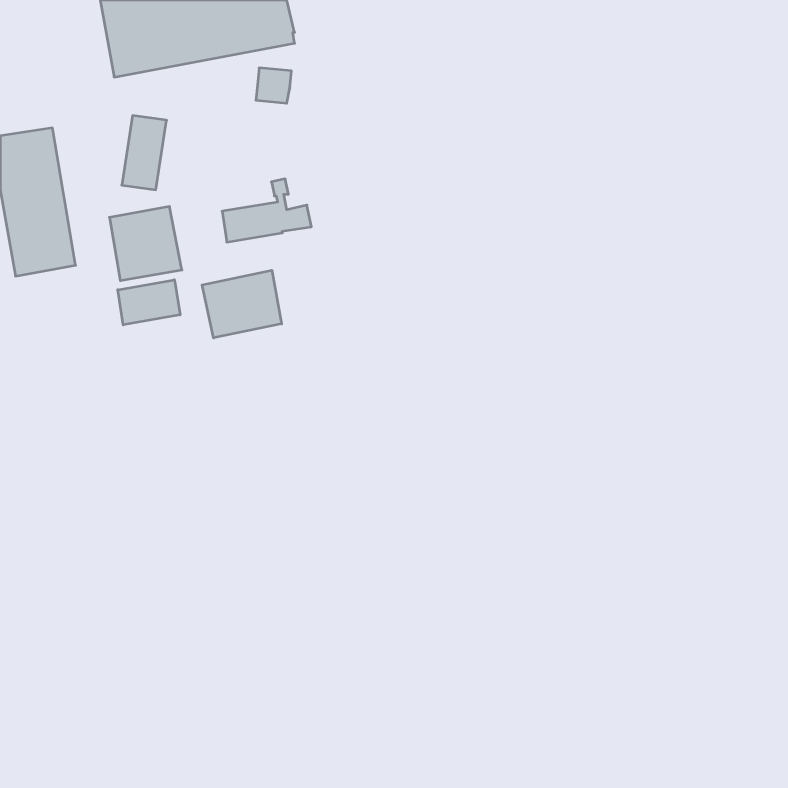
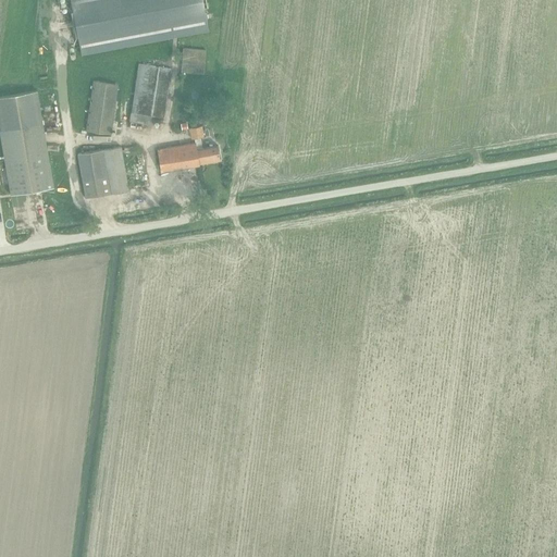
building: none -> [129,64,171,125]
building: [202,270,282,338] -> none
building: [118,280,180,325] -> none

